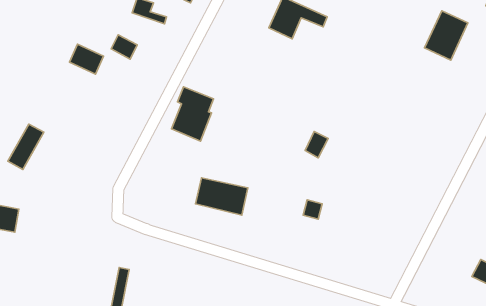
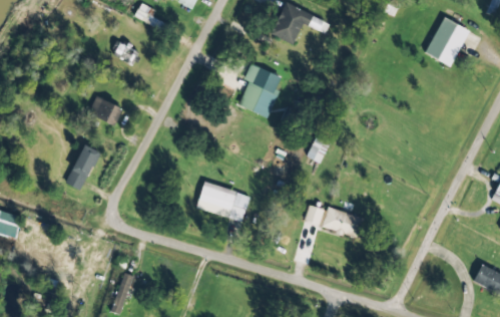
building: [69,44,104,74] -> [88,96,122,126]
building: [171,87,214,141] -> [238,64,281,118]
building: [8,124,44,169] -> [64,145,100,191]
building: none -> [322,207,365,239]

